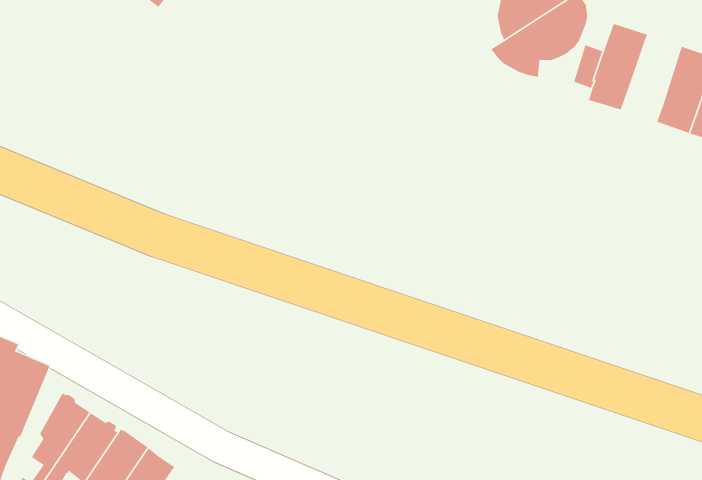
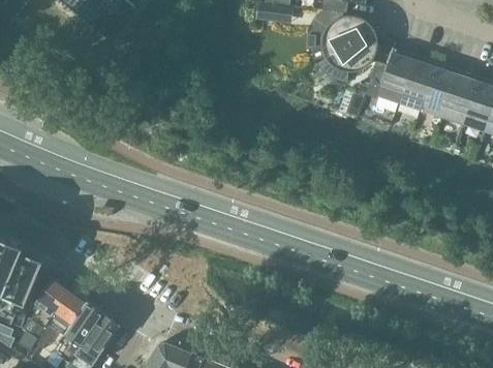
building: none -> [398,56,435,111]

